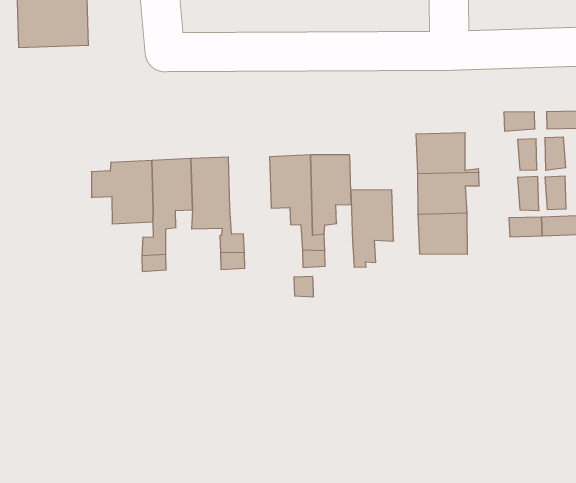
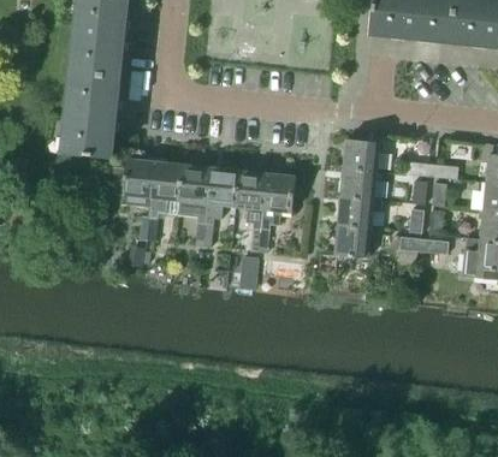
building: none -> [63,71,120,159]
building: none -> [342,138,379,172]
building: [351,190,394,267] -> [203,167,237,222]

